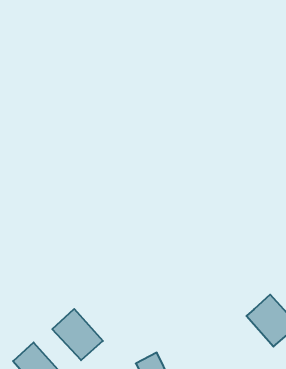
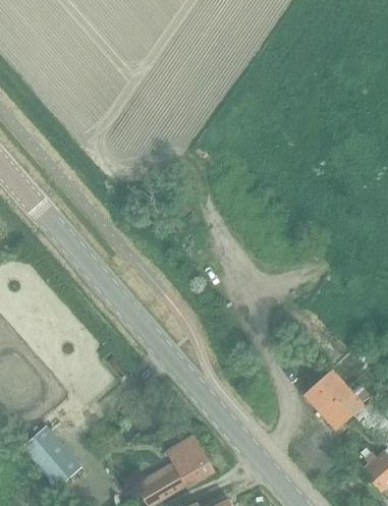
building: [52,309,103,360] -> none

